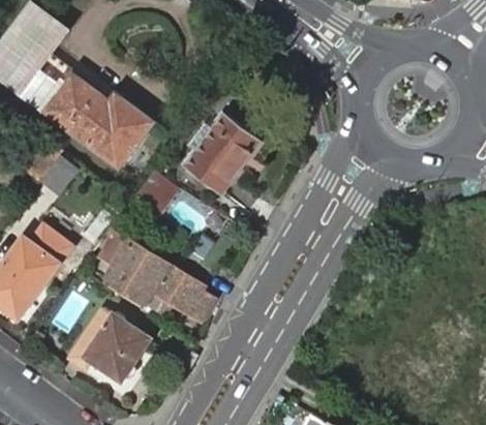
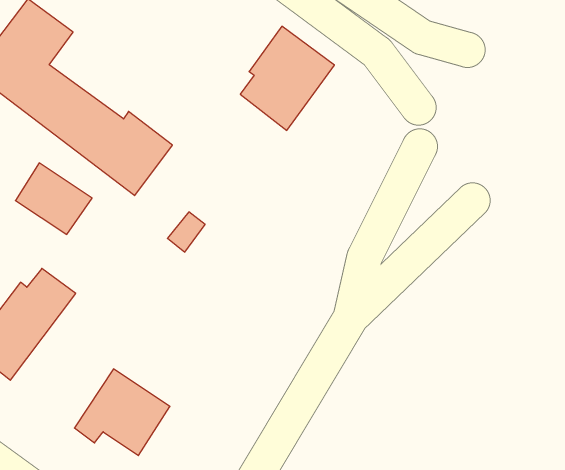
building: [181,109,259,194] -> [240,26,334,130]
building: [98,234,215,321] -> none

